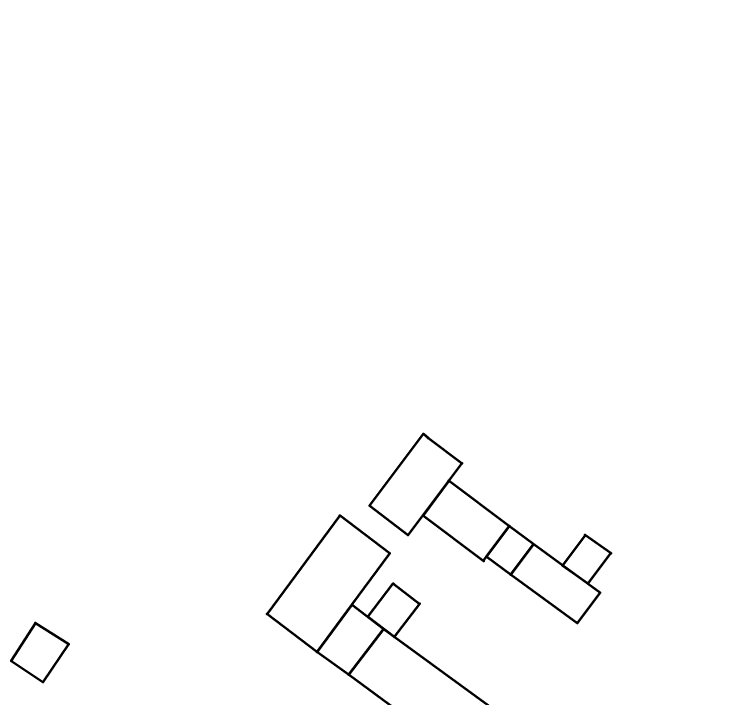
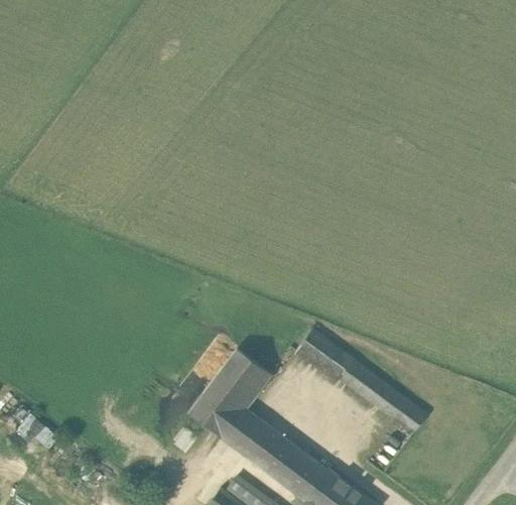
building: [370,434,462,535] -> none
building: [562,535,611,584] -> [396,401,428,433]
building: [368,584,420,637] -> none

